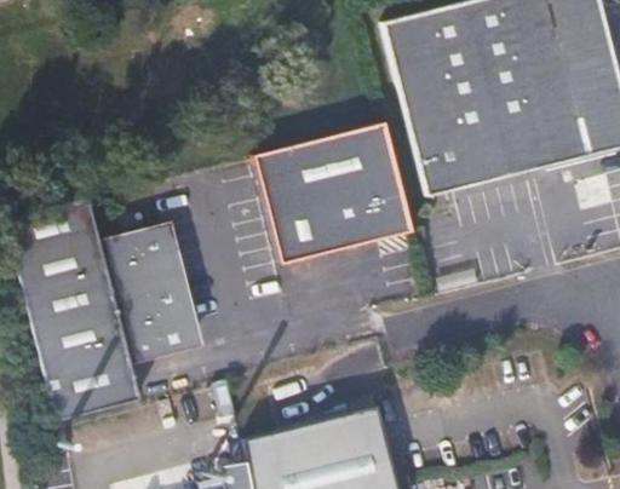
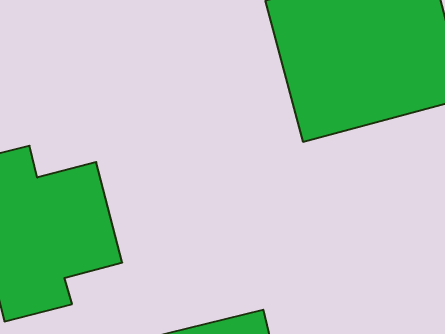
building: [257,126,414,267] -> none

